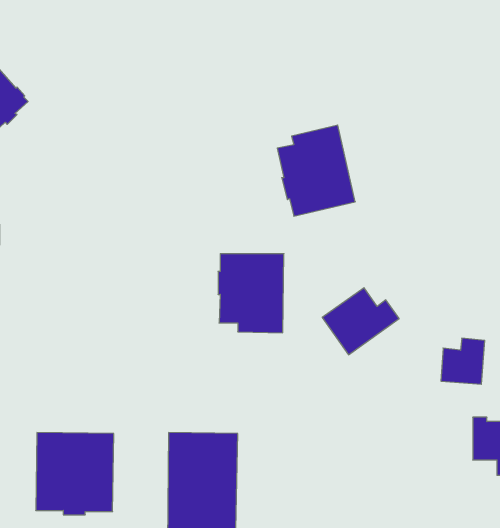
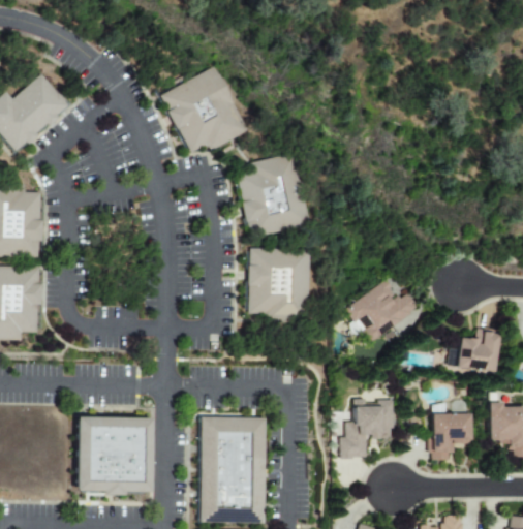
building: none -> [161,66,249,153]
building: [277,125,355,216] -> [237,152,310,238]
building: none -> [340,399,394,458]
building: none -> [431,414,470,460]

